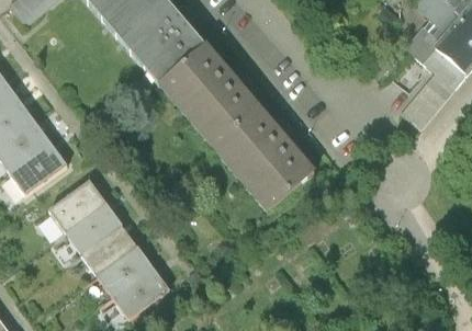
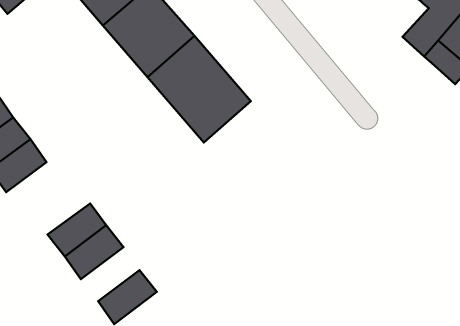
building: [402,71,454,126] -> none
building: [214,105,313,207] -> none
building: [49,181,105,232] -> none
building: [97,244,153,296] -> none

